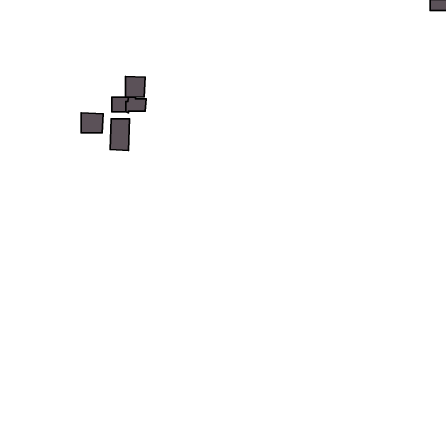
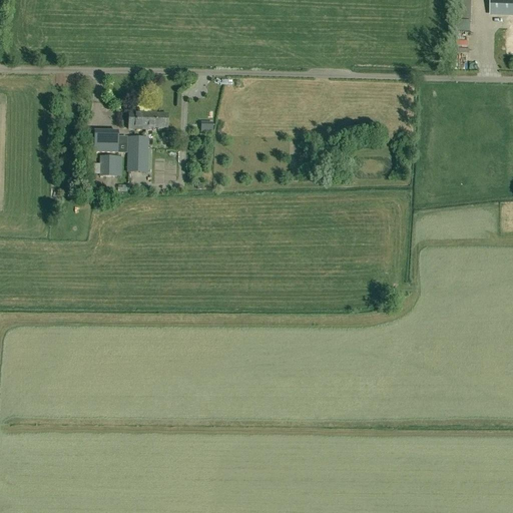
building: [126,77,145,97] -> none
building: none -> [99,155,122,176]

